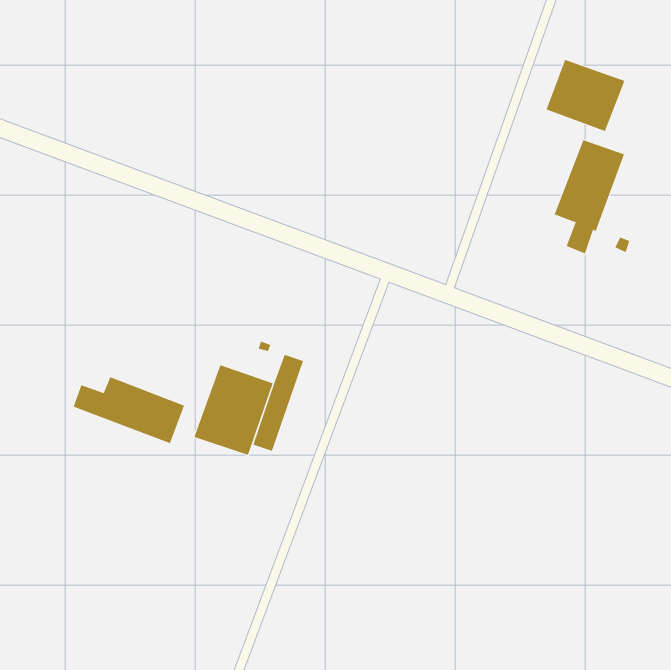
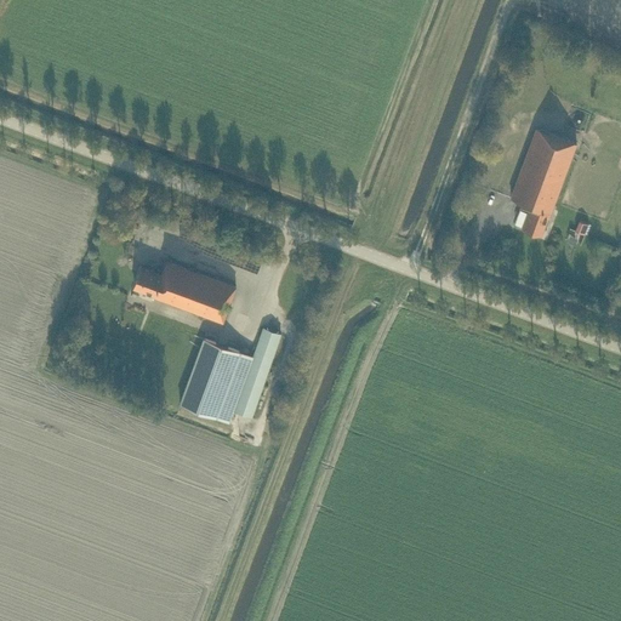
building: [546,59,625,132] -> none
building: [73,377,185,444] -> [132,262,235,324]

